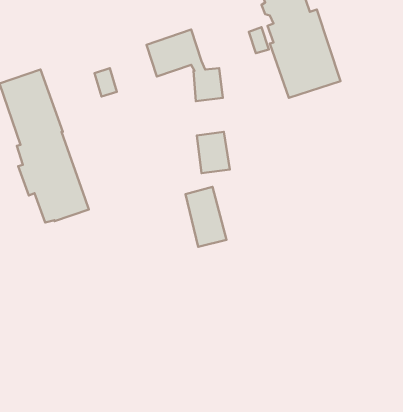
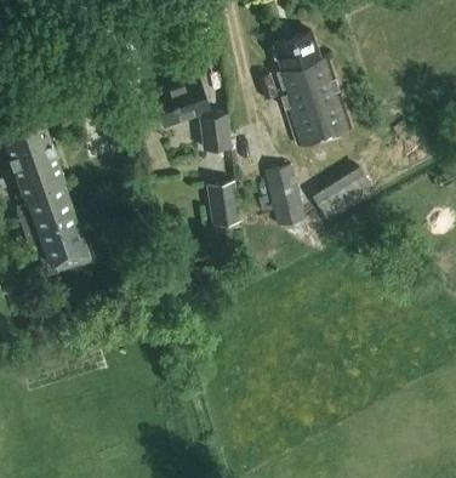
building: none -> [310,167,375,222]
building: [185,187,227,247] -> [263,165,306,227]

